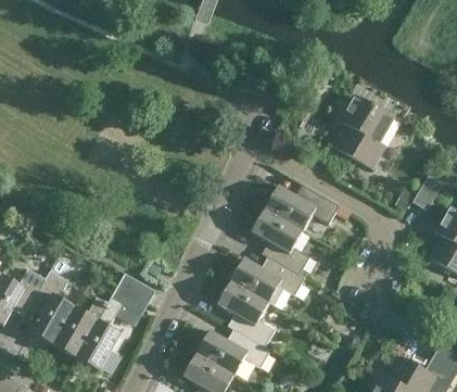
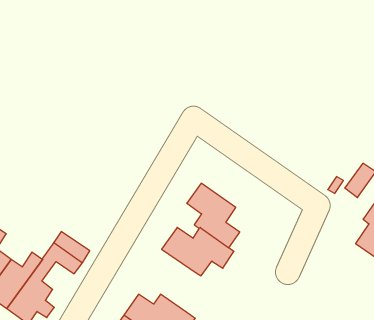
building: [334,96,393,168] -> none
building: [264,184,339,231] -> none
building: [217,281,275,346] -> none

